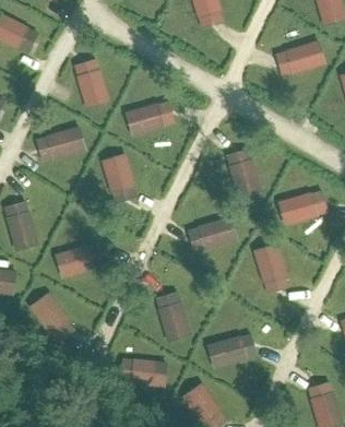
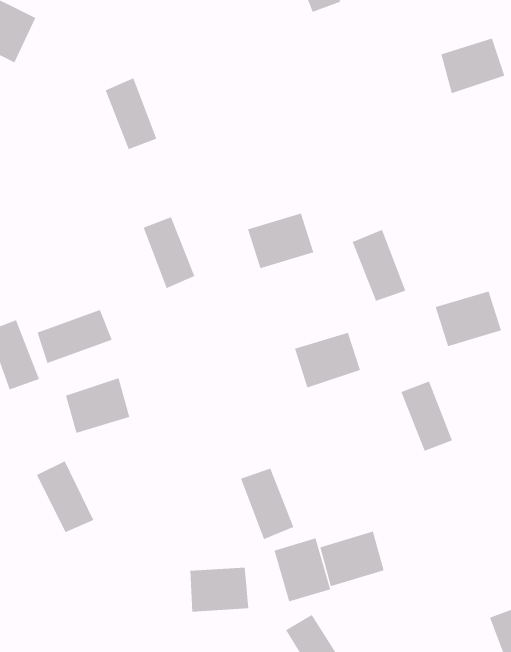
building: [123,100,164,134] -> [247,213,314,269]
building: [46,127,86,161] -> none
building: none -> [37,309,112,364]
building: none -> [274,538,331,602]

